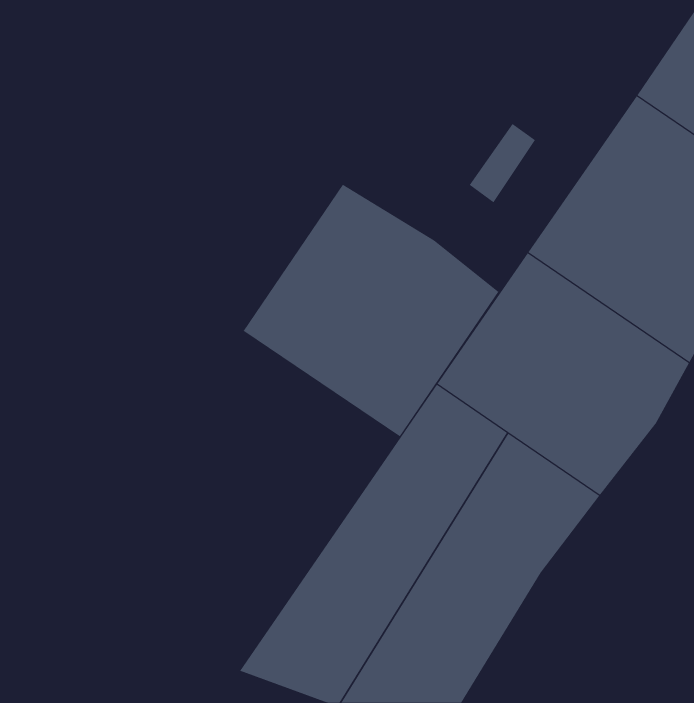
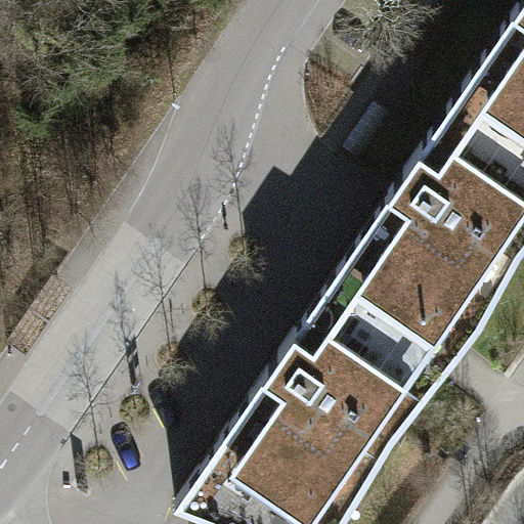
building: [243,184,499,437] -> none

